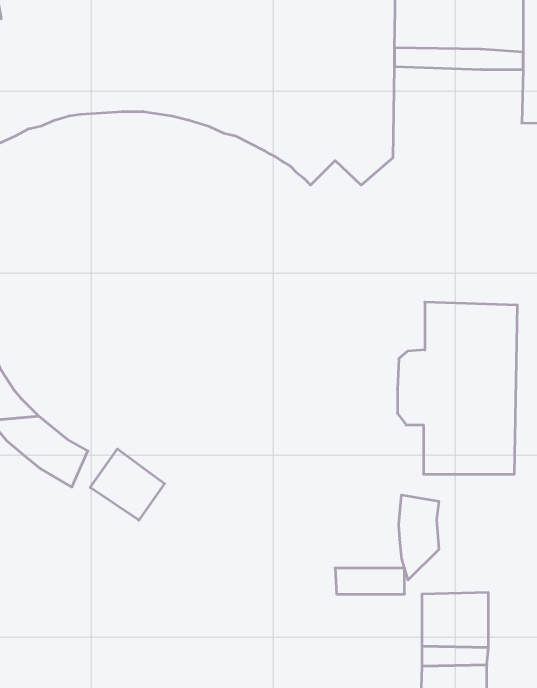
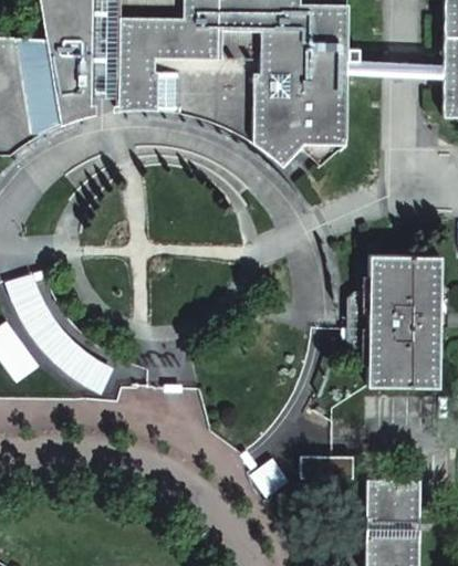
building: [90,449,165,520] -> none
building: [399,495,439,580] -> none

